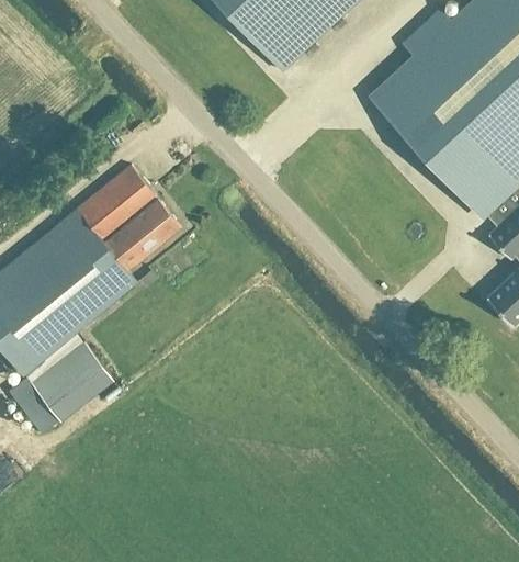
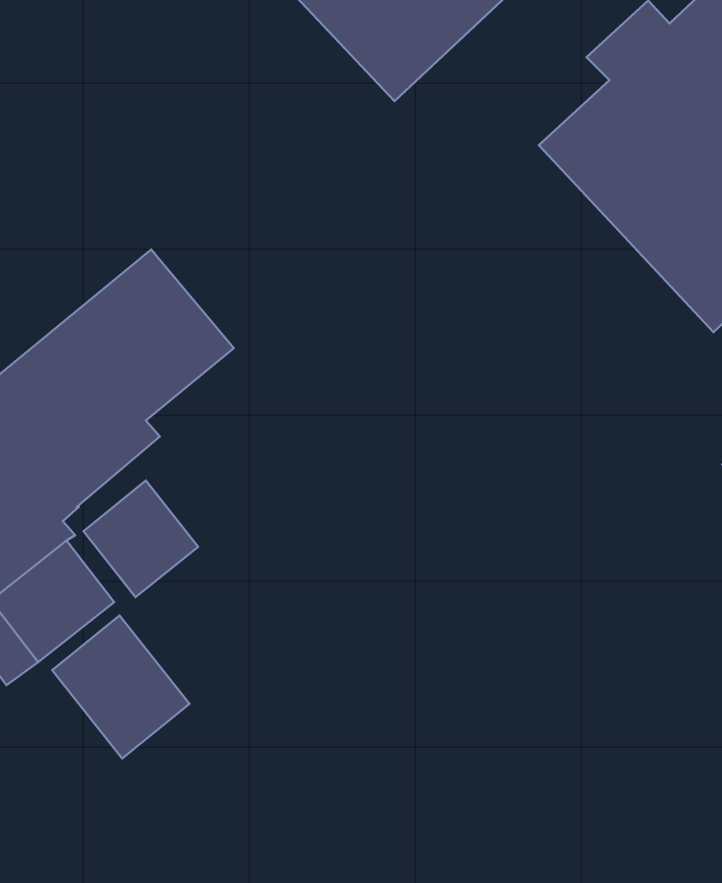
building: none -> [83,481,198,597]
building: none -> [52,615,189,759]

